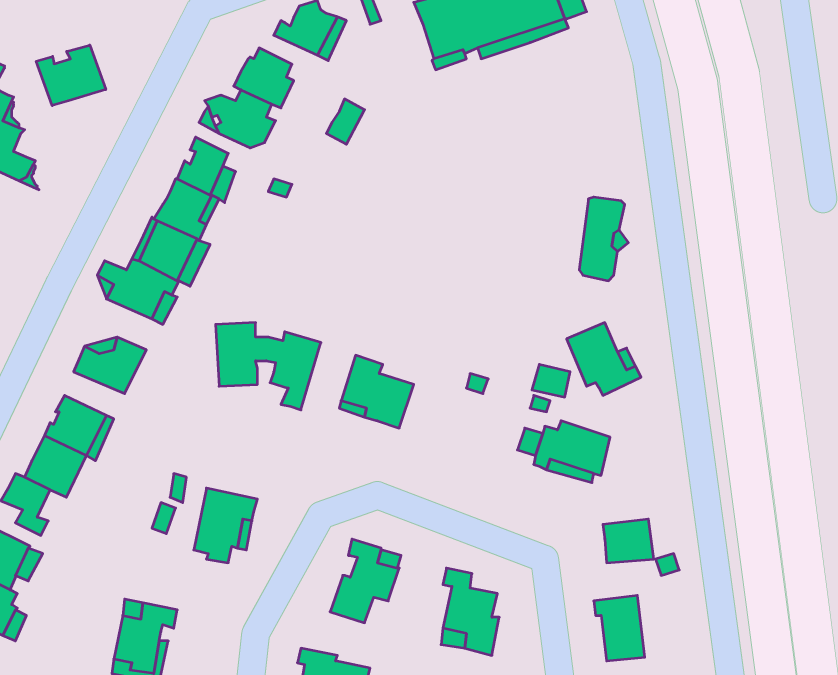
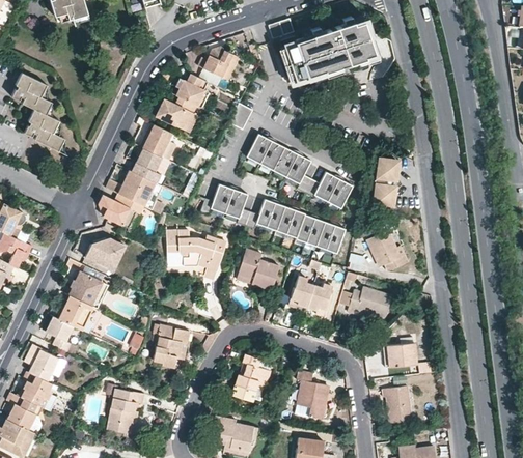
building: [36,45,106,106] -> none
building: none -> [246,134,353,207]
building: none -> [200,183,345,253]
building: none -> [287,276,332,317]

